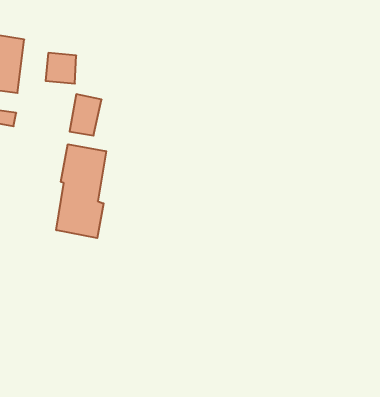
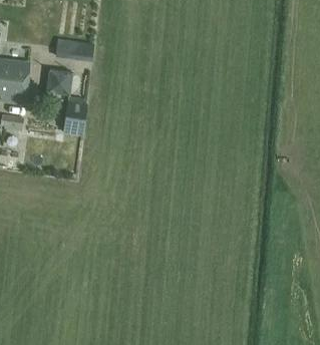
building: none -> [55,38,94,61]
building: [56,144,106,238] -> none

